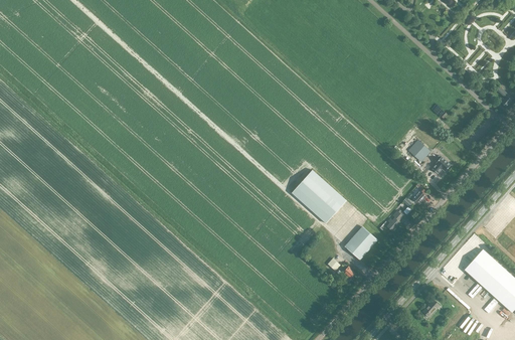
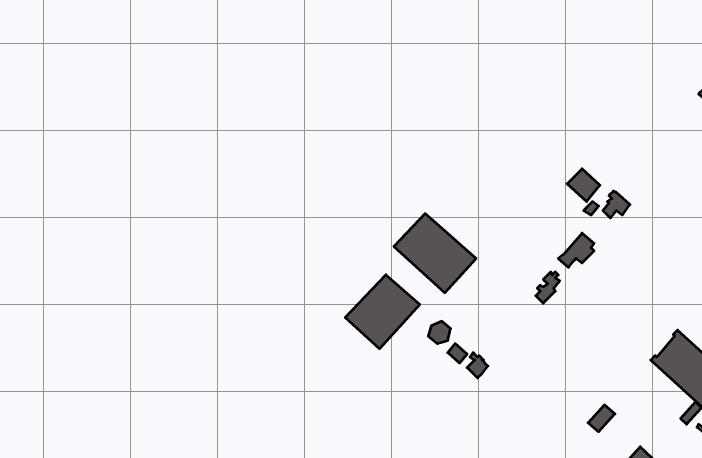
building: none -> [345,275,420,349]
building: [345,227,377,260] -> none

